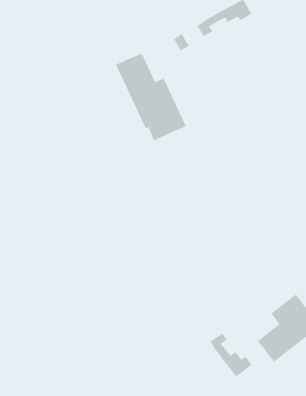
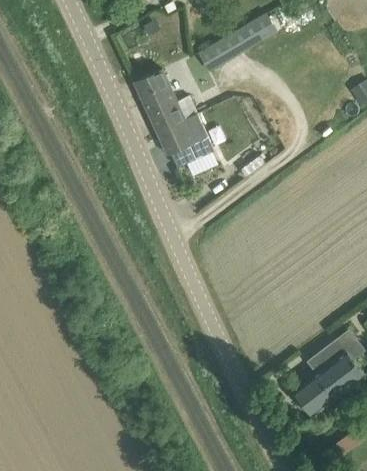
building: [210,333,253,377] -> none

